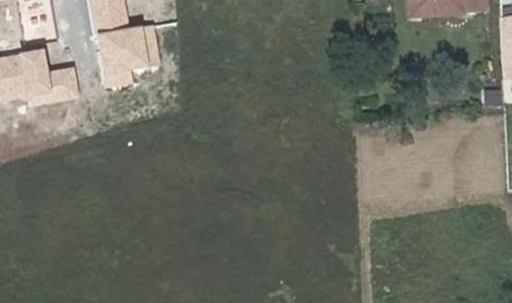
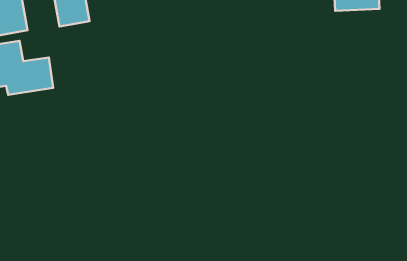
building: [94,22,161,88] -> none

